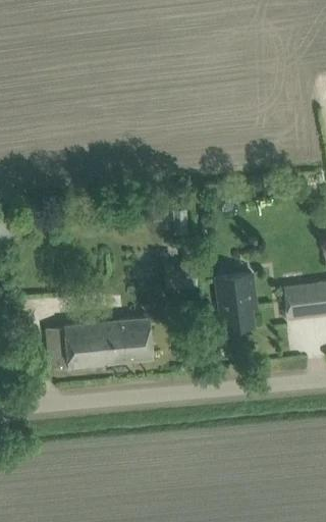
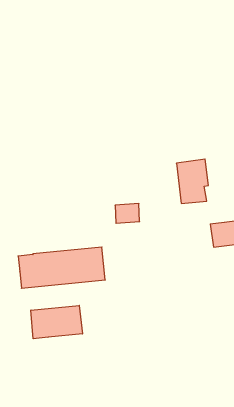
building: [216,274,256,329] -> [176,159,208,203]
building: none -> [31,305,82,339]

